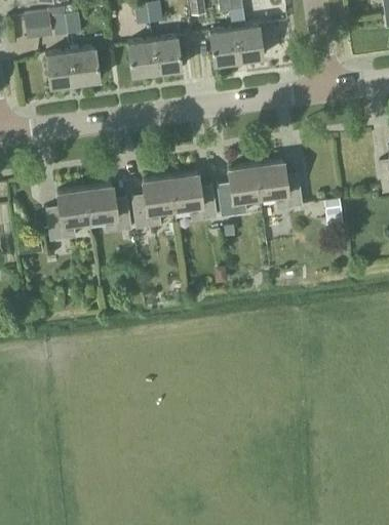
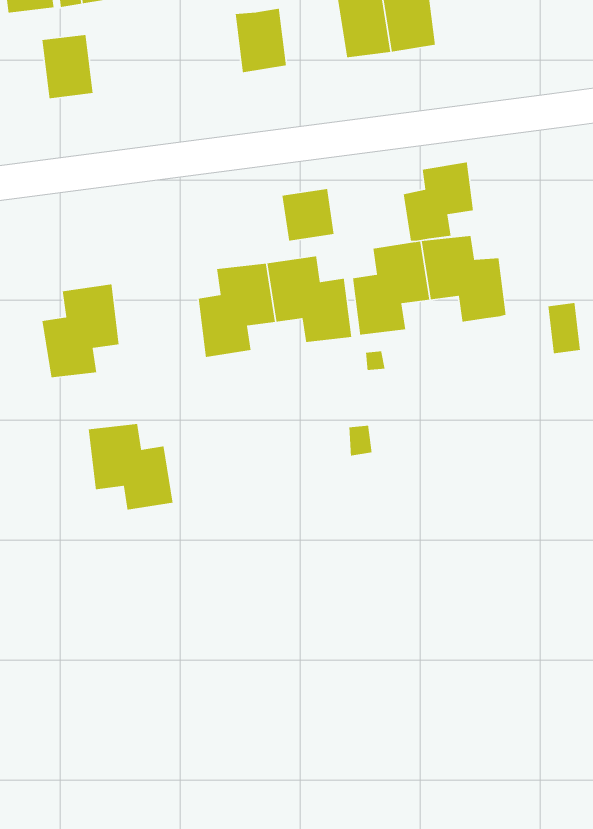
building: [127,39,156,75] -> none
building: [70,47,100,83] -> none
building: none -> [403,161,474,241]
building: none -> [281,188,335,241]
building: [84,185,131,233] -> [88,423,173,511]

